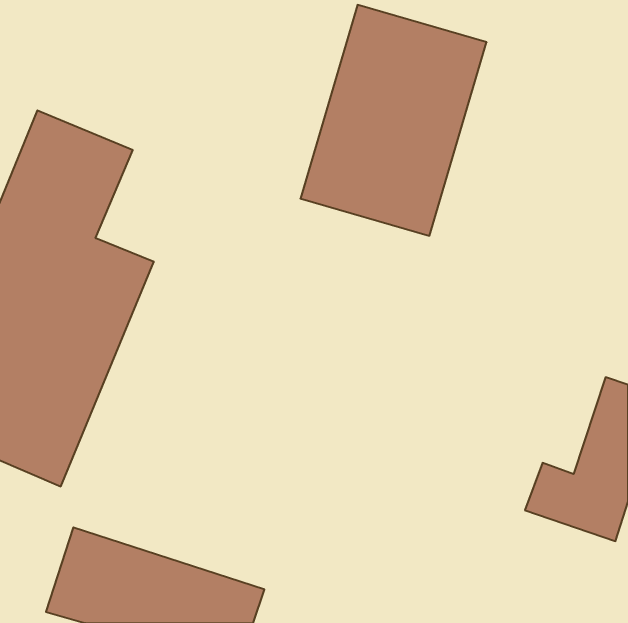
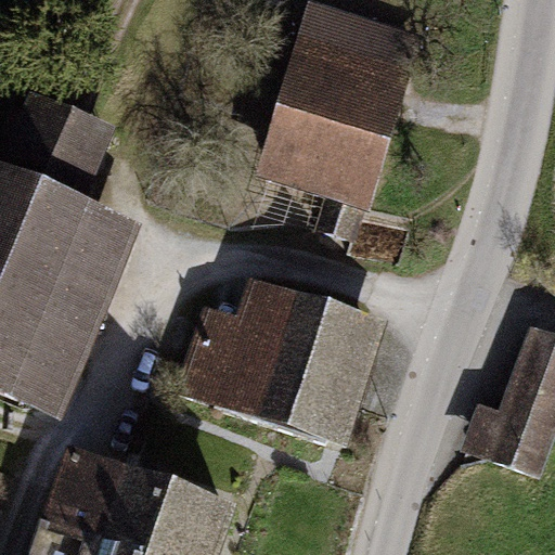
building: none -> [180,284,382,443]

